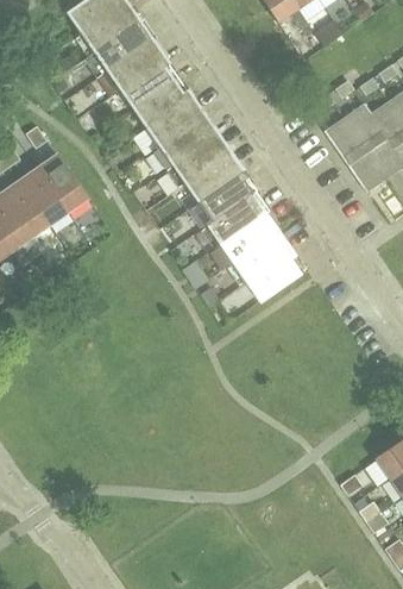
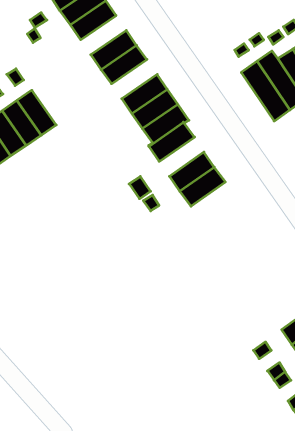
building: [120,58,178,108] -> none
building: [159,114,218,164] -> none
building: [220,213,277,263] -> none

